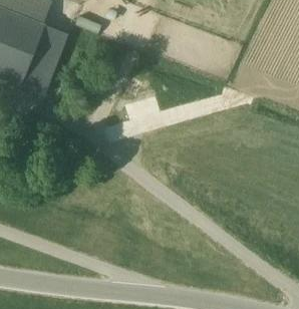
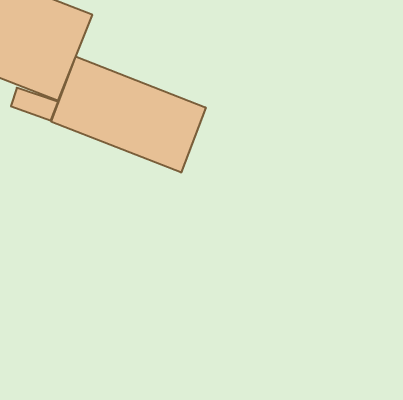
building: none -> [51,57,206,173]

